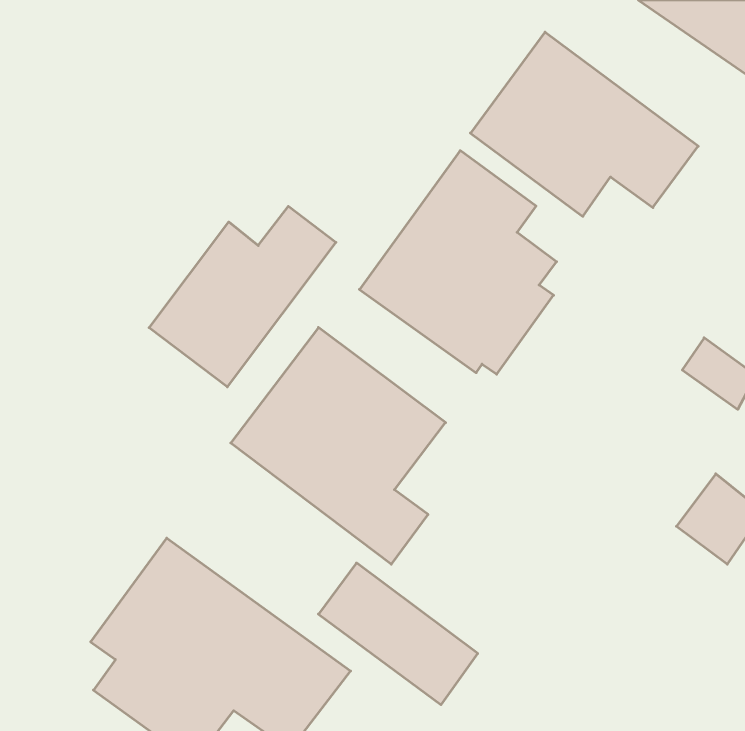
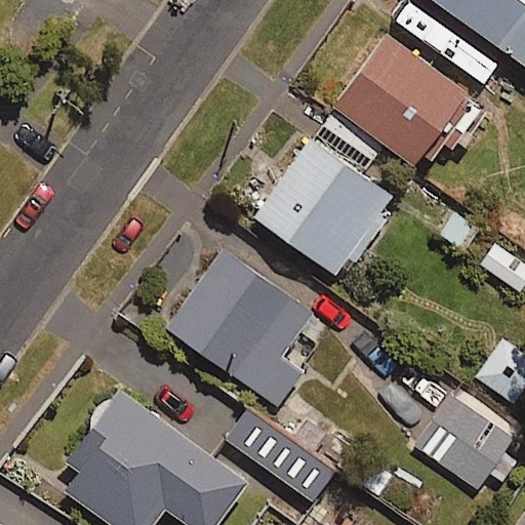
building: [149,206,336,387] -> none
building: none -> [412,398,513,494]

